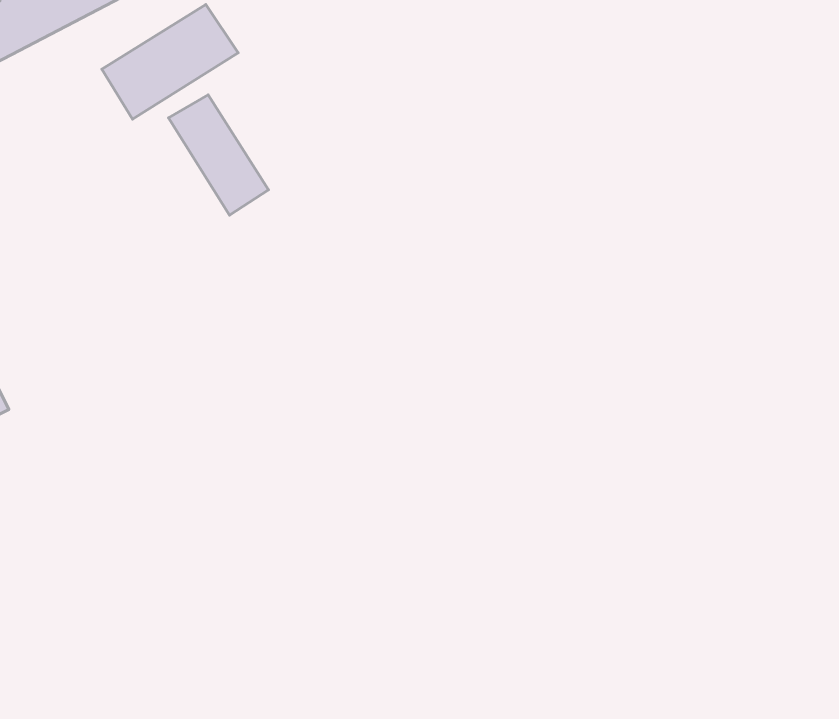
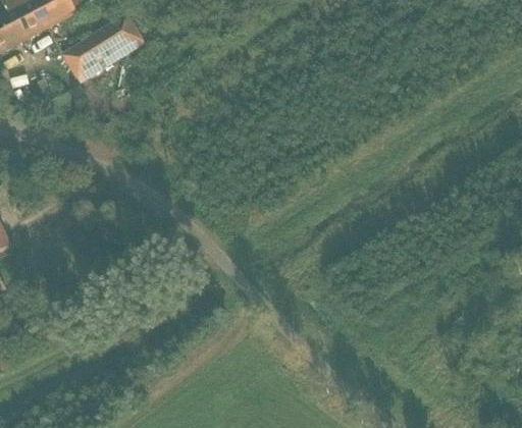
building: [169,95,268,215] -> none

